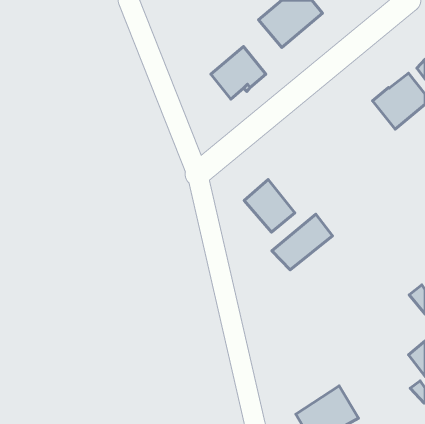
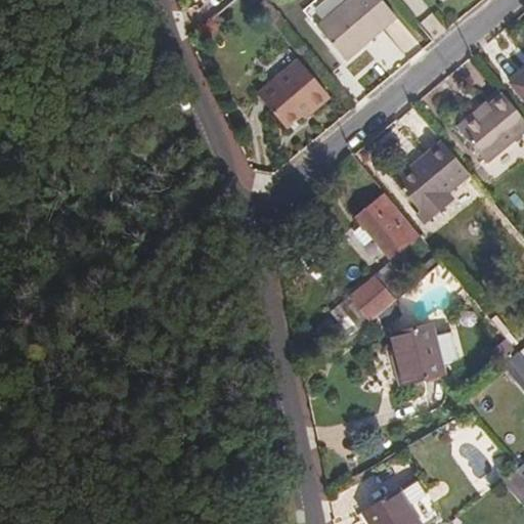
building: none -> [394,142,470,215]
building: [244,180,295,232] -> [356,193,419,258]
building: none -> [391,326,442,386]

